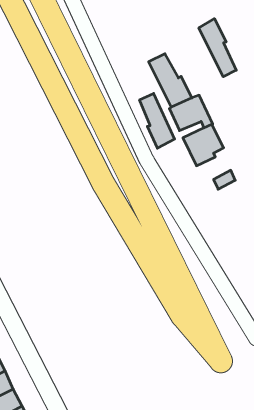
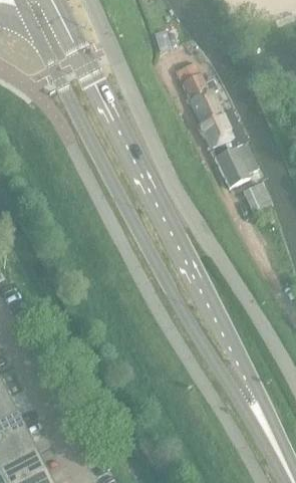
building: [199,19,236,77] -> none
building: [140,93,175,148] -> none

